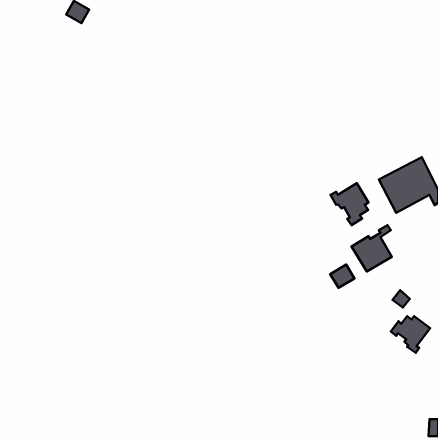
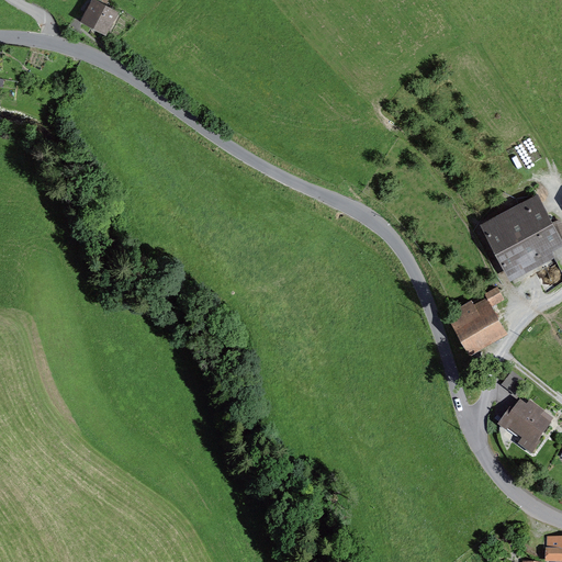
building: [331,183,368,225] -> none
building: [330,264,354,288] -> none

